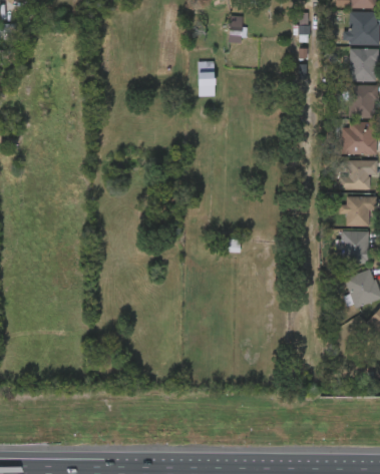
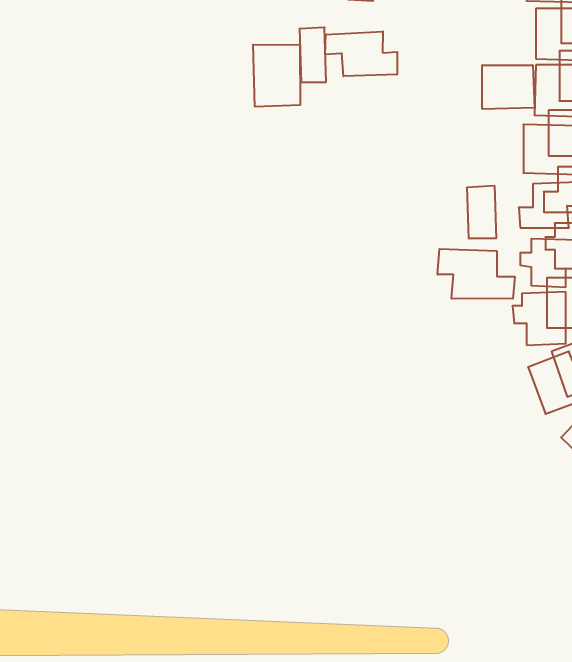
building: none -> [325,31,397,76]
building: none -> [253,45,300,107]
building: none -> [482,65,535,109]
building: none -> [467,186,496,239]
building: none -> [438,249,515,299]

